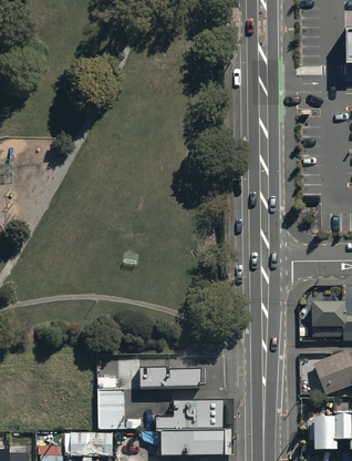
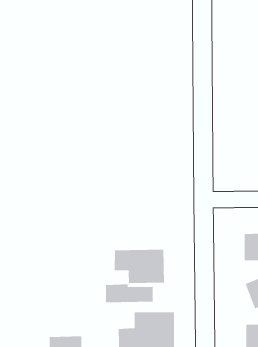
building: none -> [114,249,164,284]
building: [96,388,124,429] -> none

